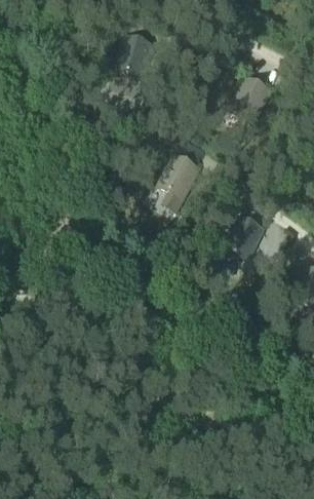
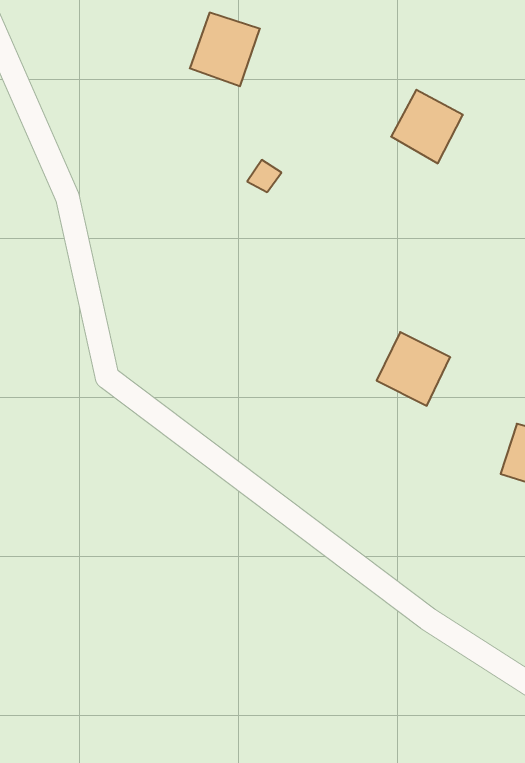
building: [159,152,202,209] -> none

